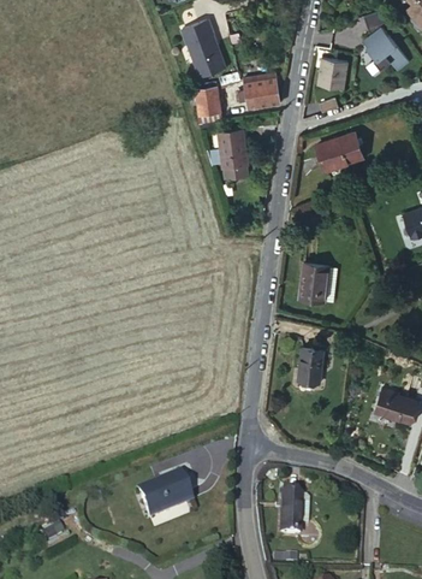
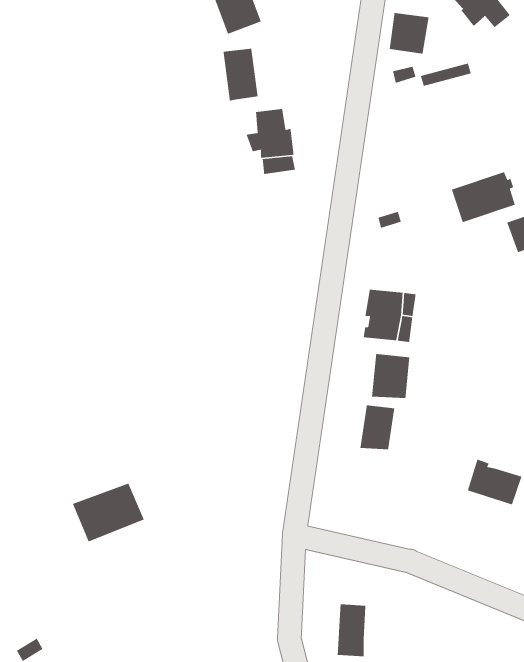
building: [245,73,281,108] -> none
building: [316,132,364,171] -> [451,171,516,223]
building: none -> [371,353,410,399]
building: [138,473,192,518] -> [72,482,145,543]

